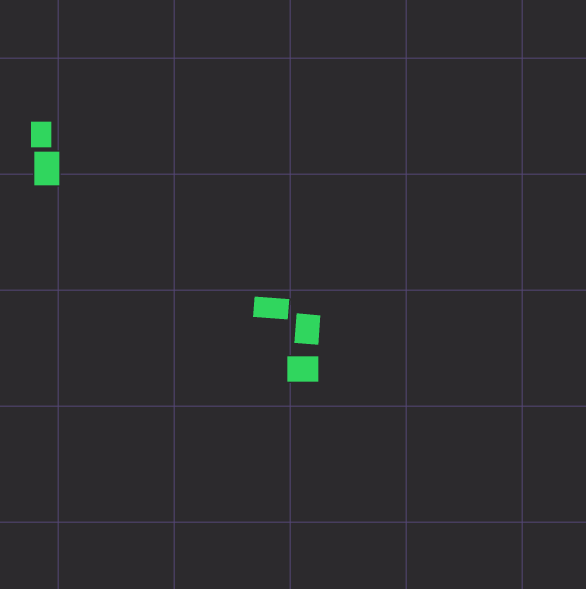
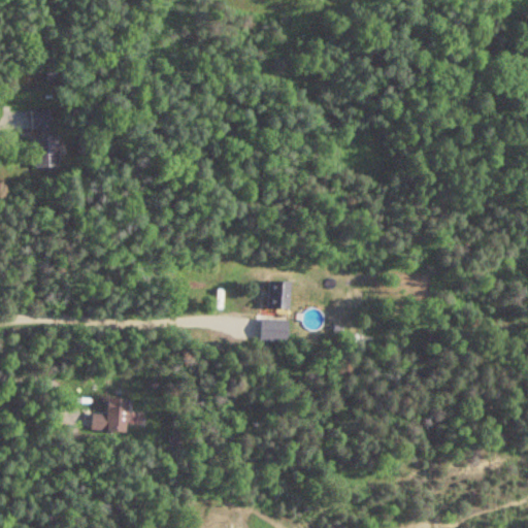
building: [252,296,290,320] -> none
building: none -> [91,399,129,432]

